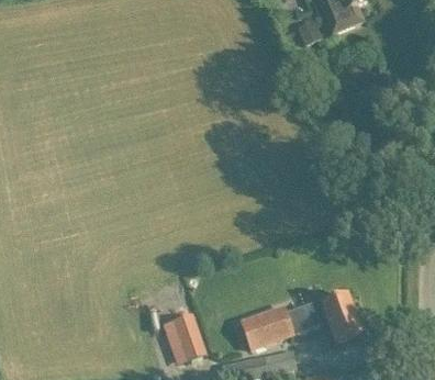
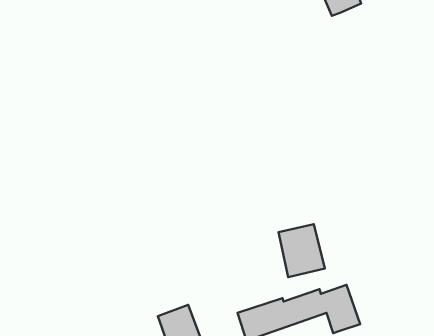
building: none -> [278,224,325,277]

